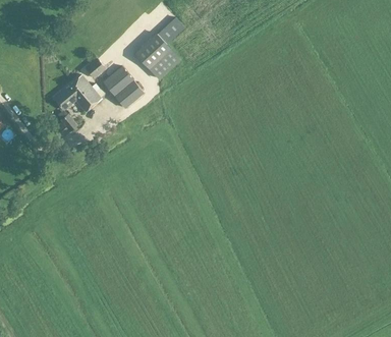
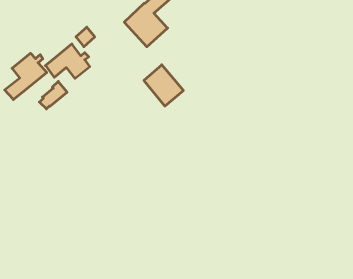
building: [102,65,143,108] -> [144,65,183,106]
building: none -> [5,53,47,100]

